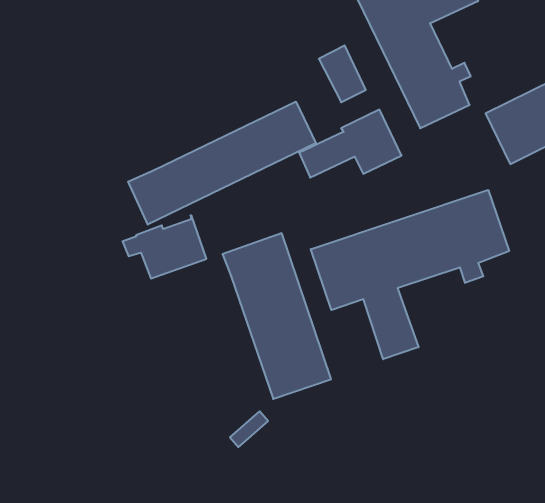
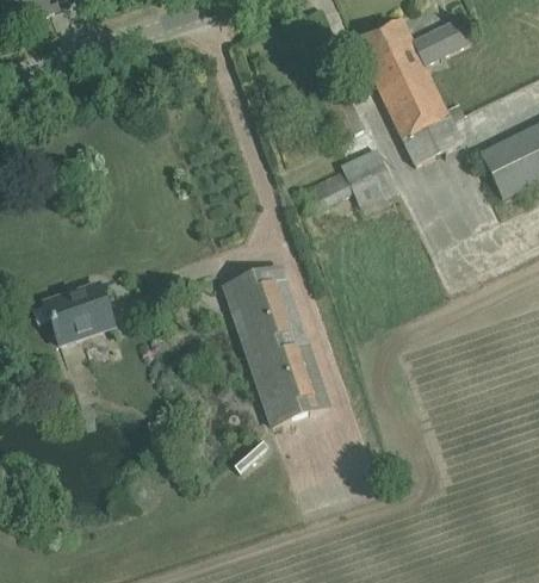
building: [128,102,316,225] -> none
building: [311,190,509,359] -> none
building: [122,216,206,279] -> [31,284,112,345]

